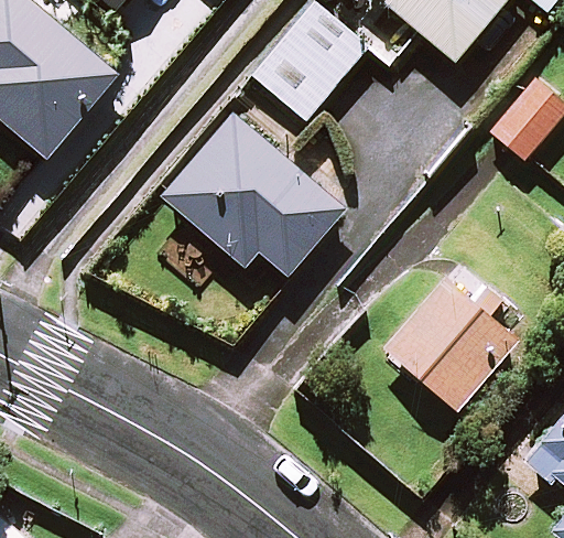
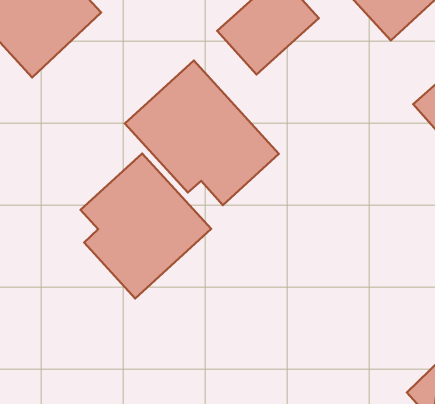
building: none -> [80,153,211,299]
building: [386,273,521,409] -> none

